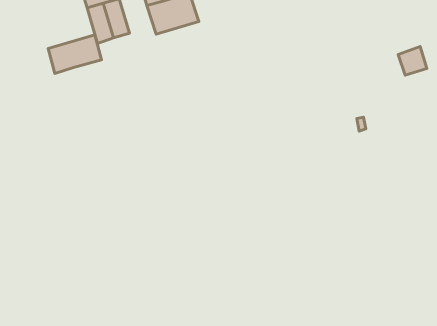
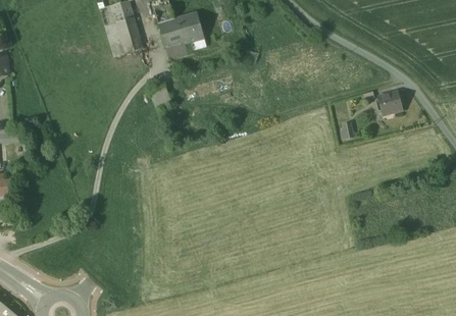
building: [48,35,101,73] -> none
building: [398,46,427,75] -> [377,91,403,116]

